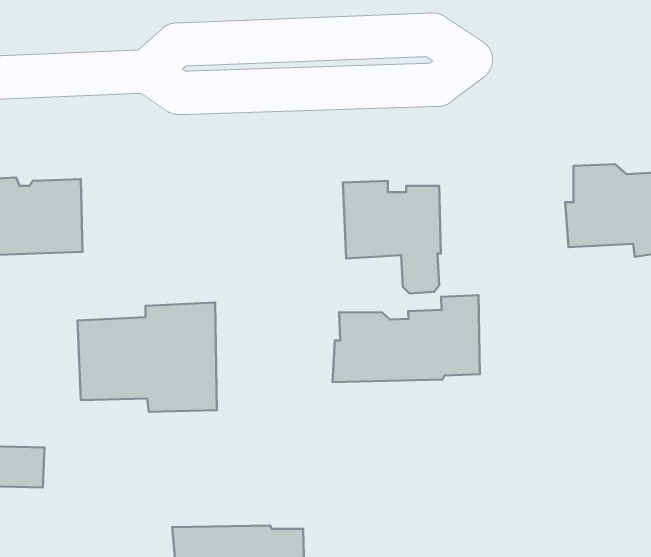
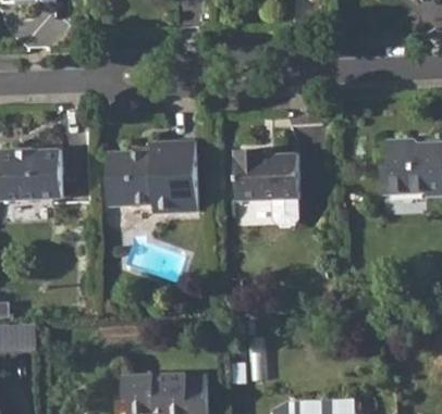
building: [333,295,480,382] -> none
building: [78,302,217,412] -> [107,141,198,213]

